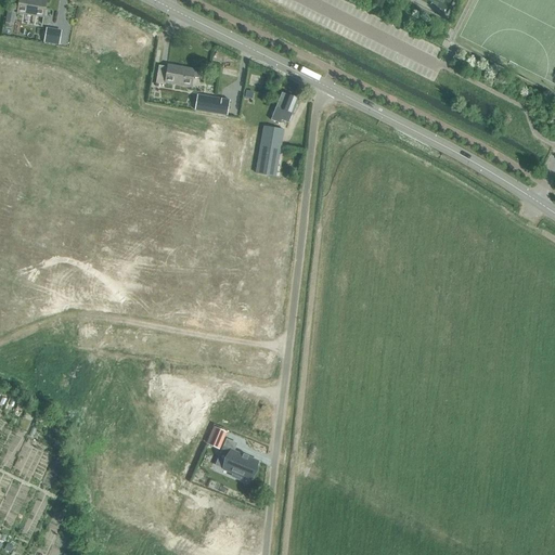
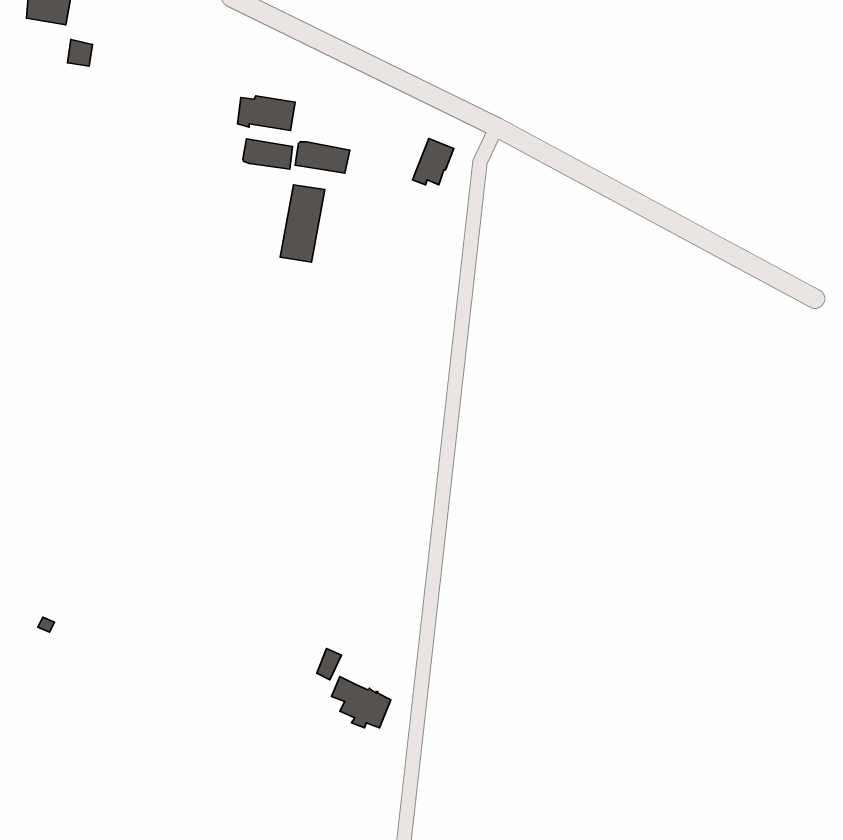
building: none -> [243,139,293,169]
building: [255,125,284,176] -> [280,185,325,262]

